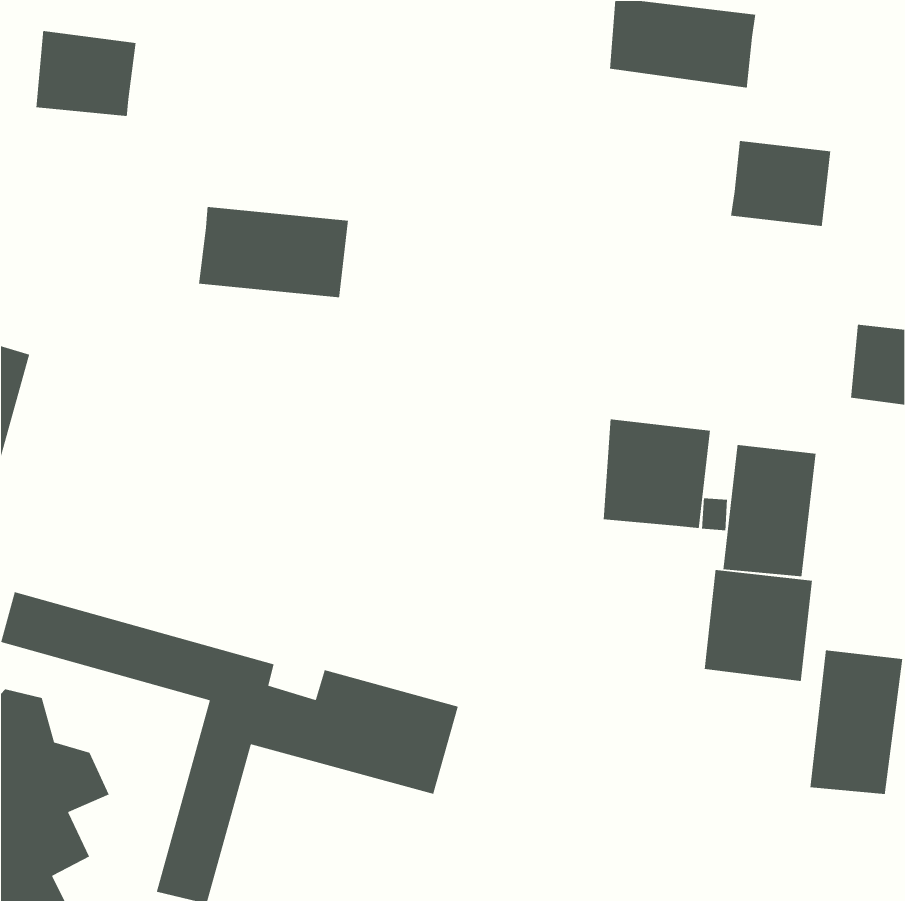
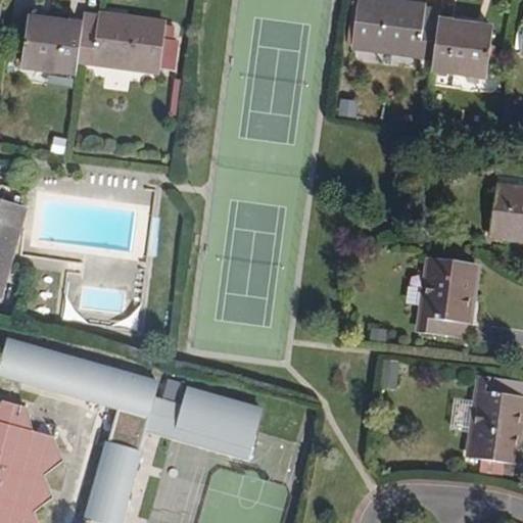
building: [730,140,831,227] -> [429,23,487,74]
building: [198,206,349,298] -> [75,14,161,67]
building: [603,418,711,529] -> none
building: [704,569,813,682] -> none

